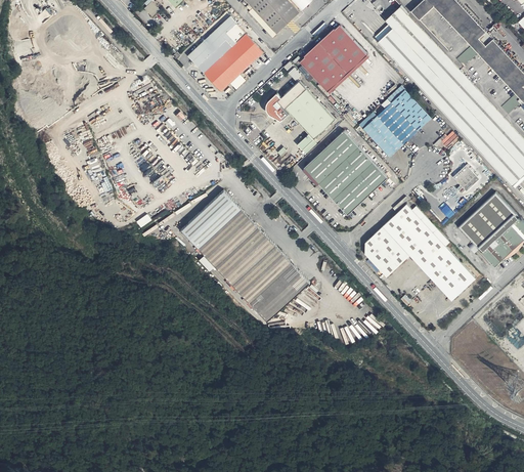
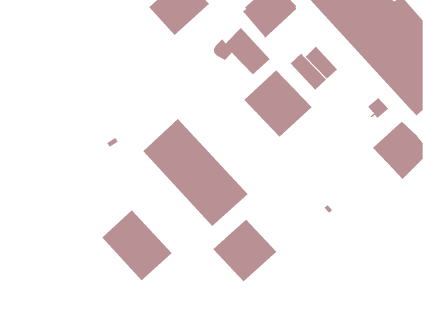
building: [391,90,431,131] -> none
building: [365,204,476,300] -> none
building: none -> [101,210,173,281]
building: none -> [213,219,277,282]

